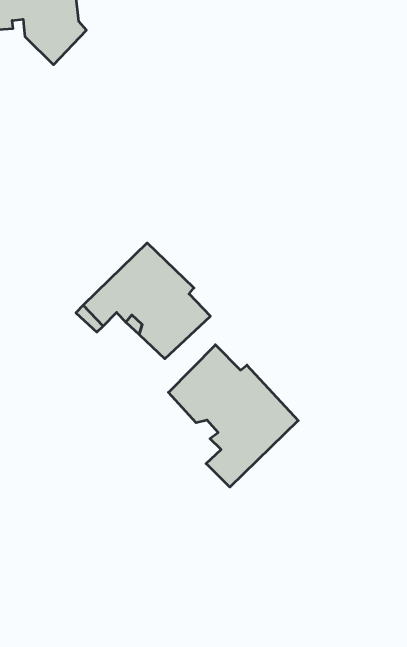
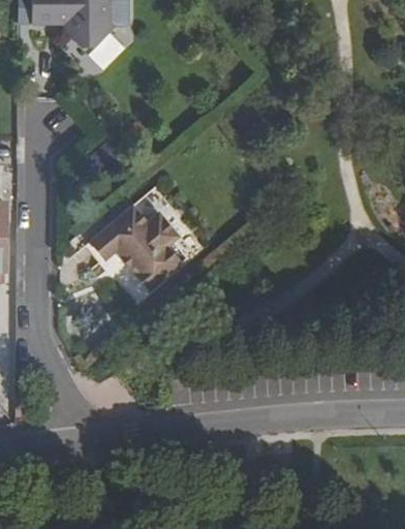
building: [168,345,298,487] -> none

